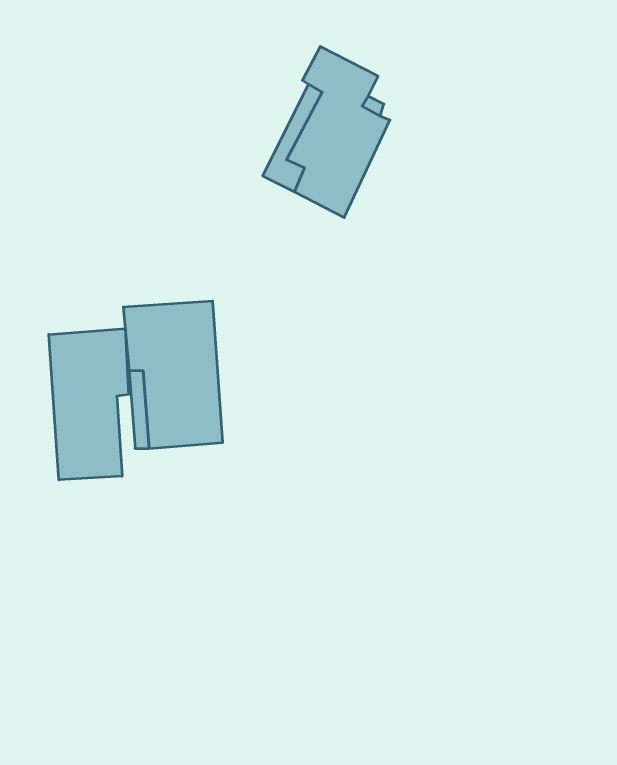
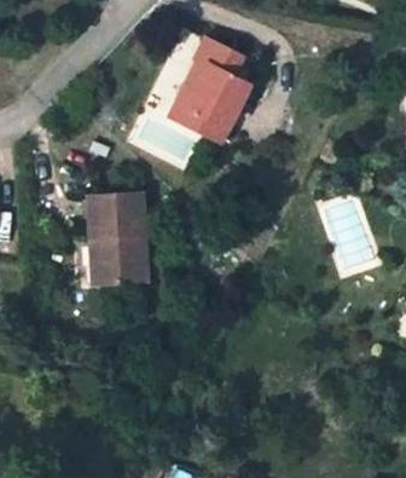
building: [49,329,129,480] -> none

